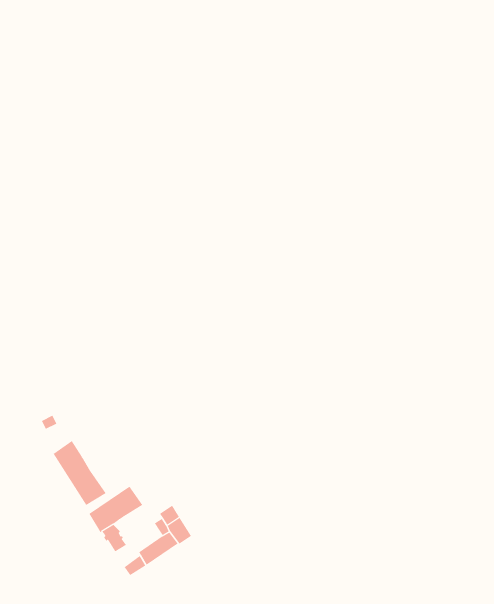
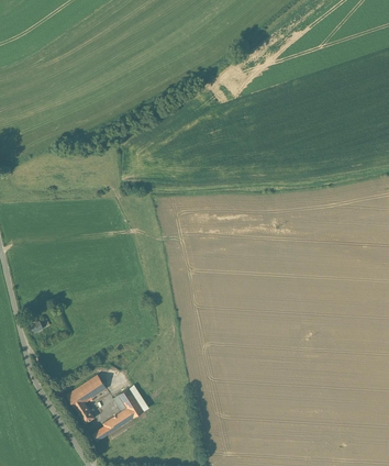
building: [53,440,107,506] -> none

